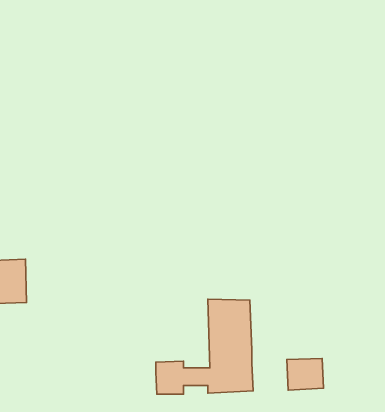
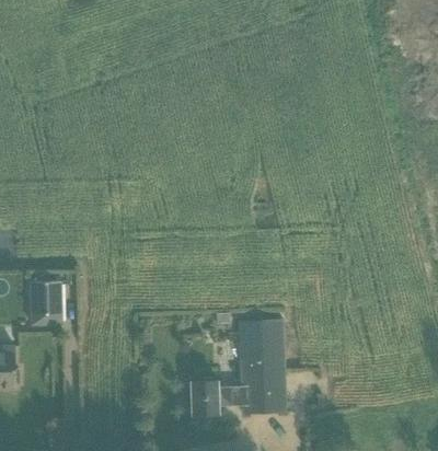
building: [287,359,323,390] -> none

